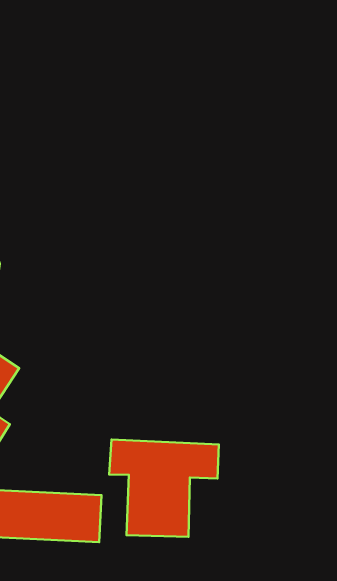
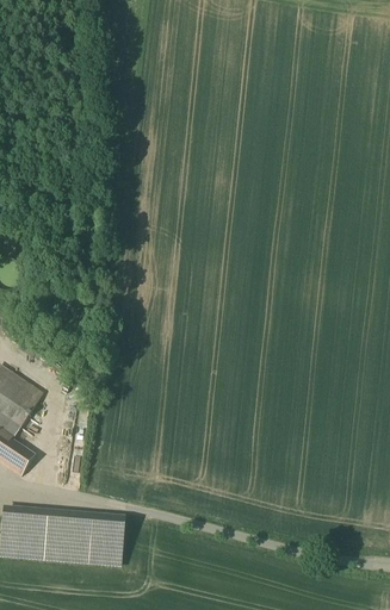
building: [109,439,219,537] -> none

